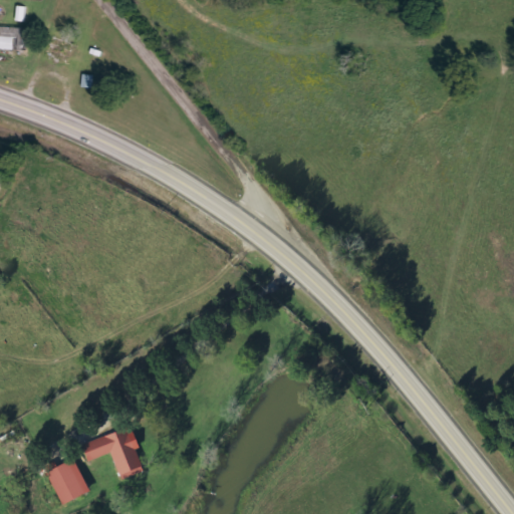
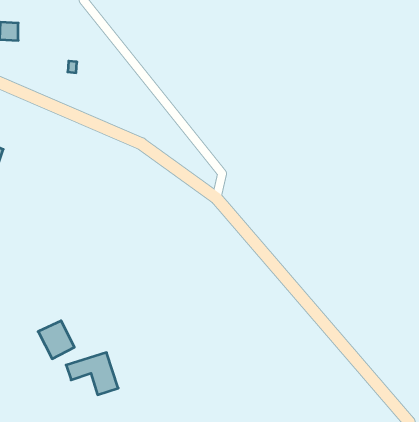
building: [44,460,88,506] -> [38,321,74,359]

